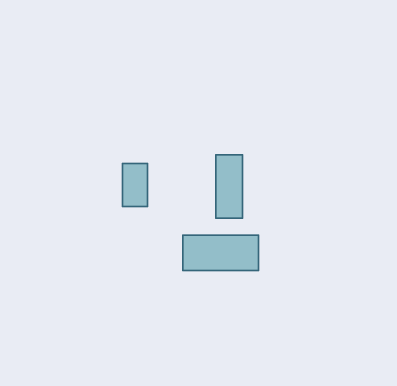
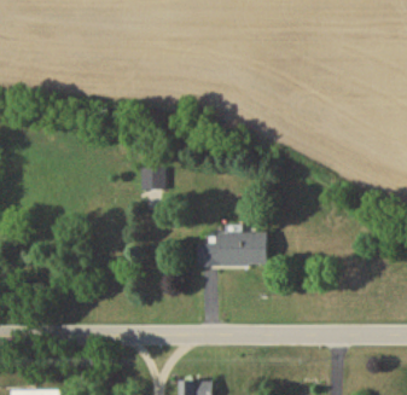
building: [216,155,243,218] -> none

